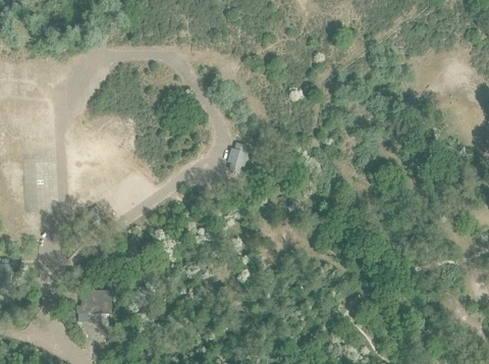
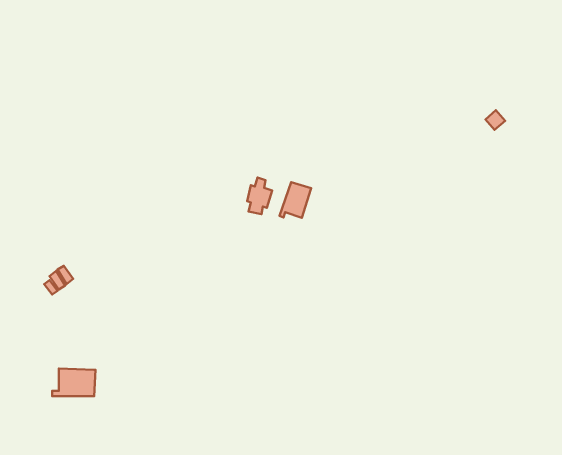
building: none -> [279,182,311,218]

